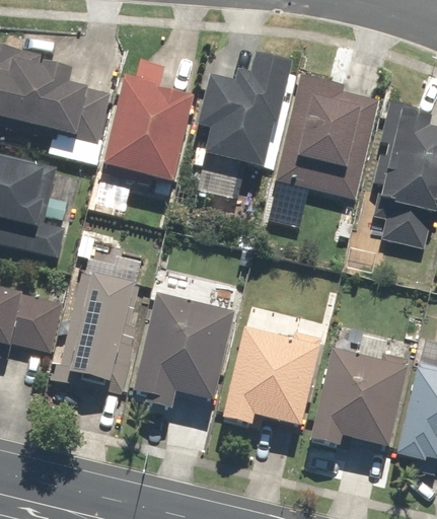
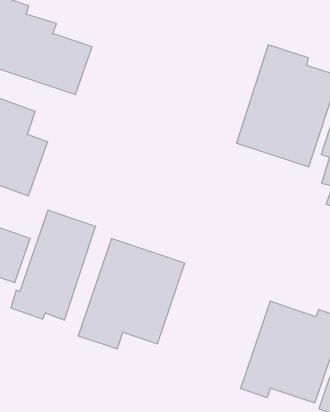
building: [195,55,293,196] -> none
building: [92,60,197,210] -> none
building: [219,324,323,429] -> none

